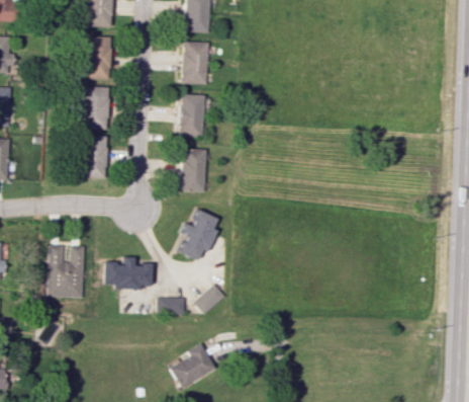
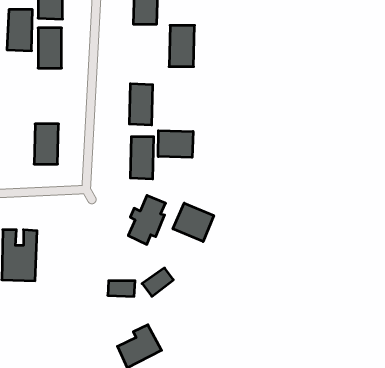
building: [181,42,207,84] -> [169,25,195,67]
building: [83,86,109,129] -> [7,10,32,51]
building: none -> [158,131,193,157]
building: none -> [173,203,214,242]
building: [106,257,152,290] -> none

